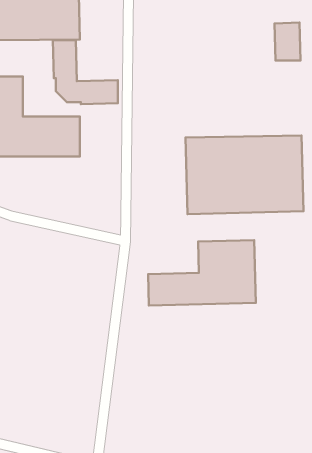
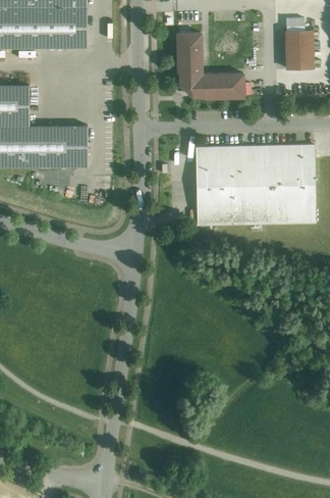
building: [53,40,118,104] -> [176,33,242,98]
building: [148,240,256,306] -> none

